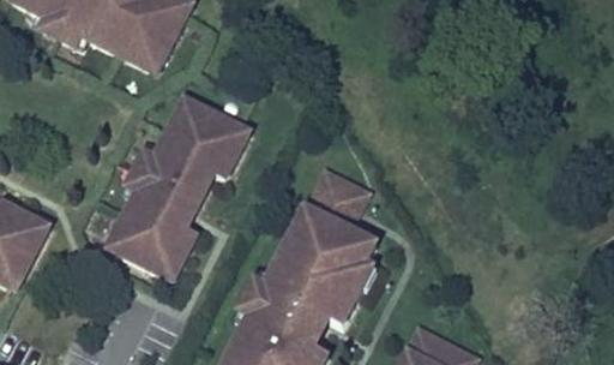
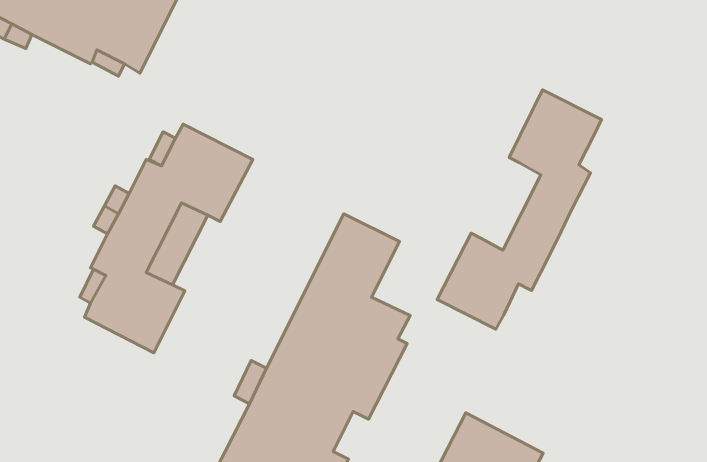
building: none -> [437,90,601,329]

